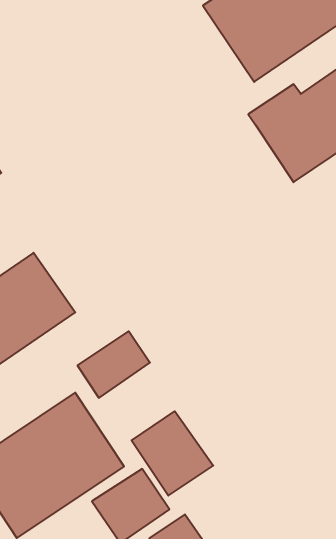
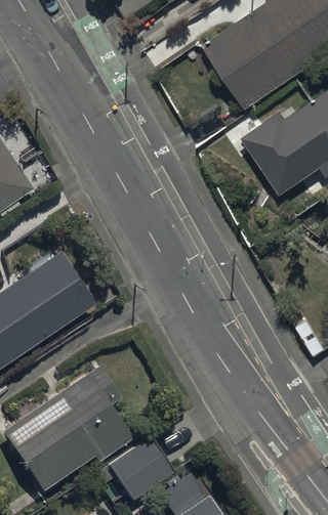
building: [78,331,150,398] -> none
building: [132,411,213,496] -> none

